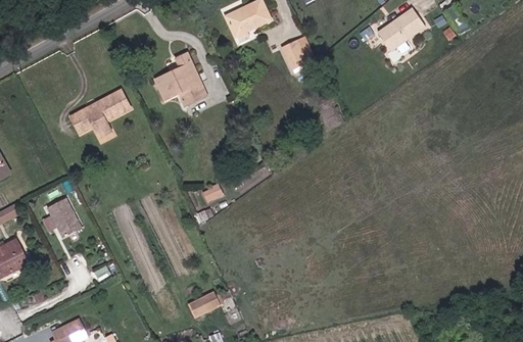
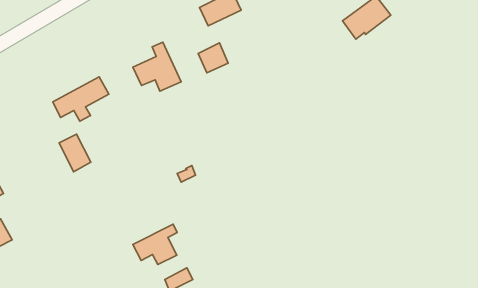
building: [282,37,314,68] -> [198,43,228,73]
building: [47,198,81,238] -> [59,134,91,172]
building: none -> [133,224,177,264]

